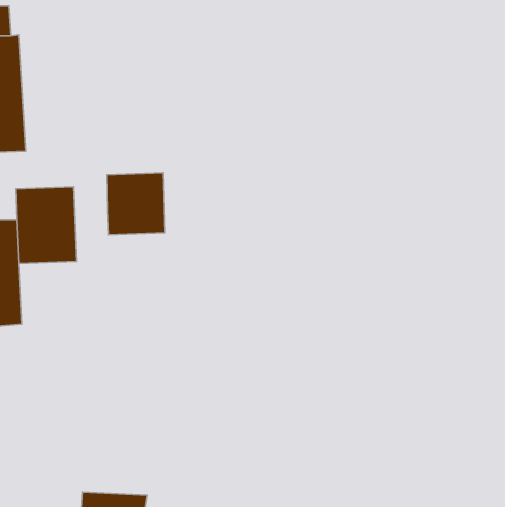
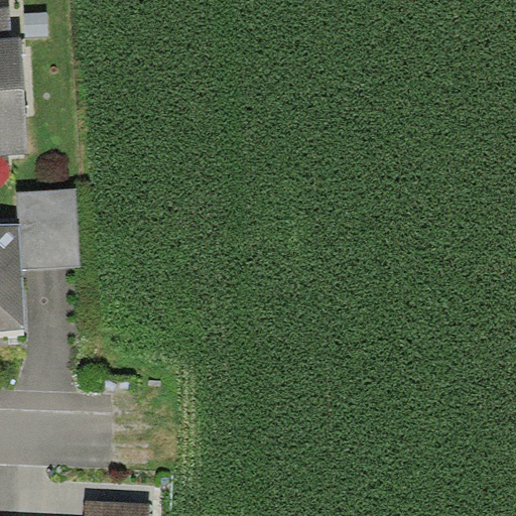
building: [107,173,165,235] -> none

